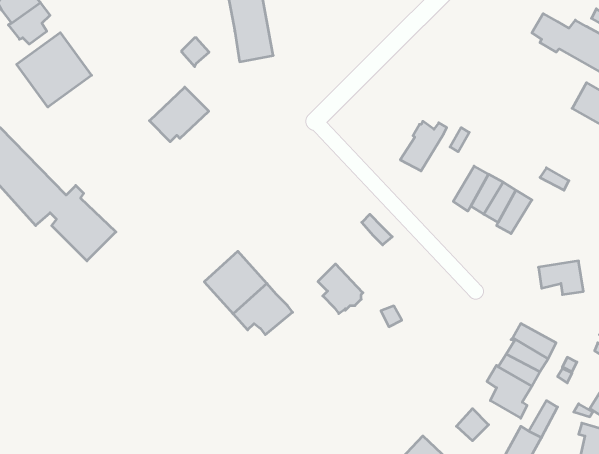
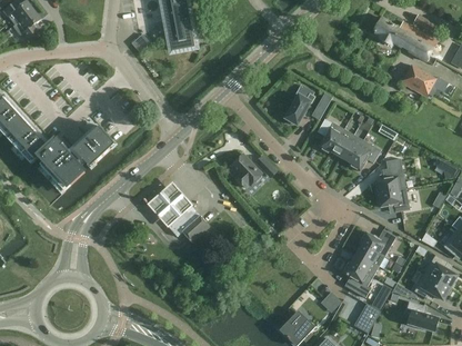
building: [17,33,92,107] -> none
building: [149,87,209,142] -> [74,123,116,161]
building: none -> [374,158,405,192]
building: [318,264,363,314] -> [230,152,261,187]

